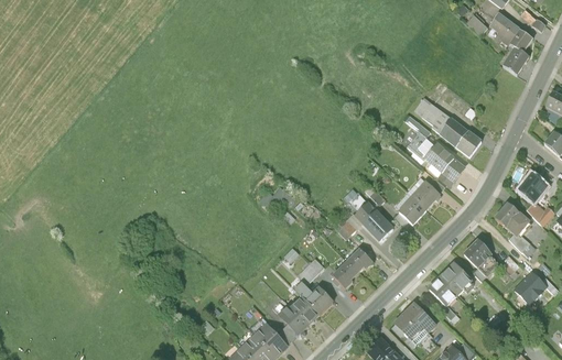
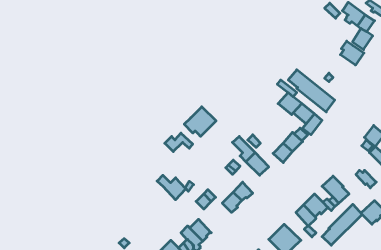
building: none -> [340,41,364,65]
building: none -> [184,107,216,136]
building: [495,203,529,236] -> none
building: none -> [322,204,362,245]
building: [295,282,333,314] -> [157,175,186,200]

